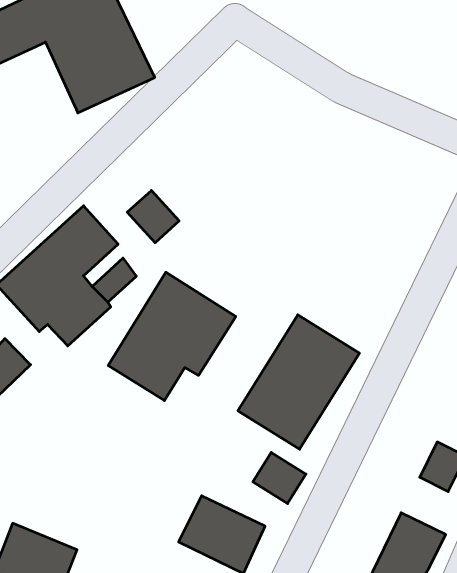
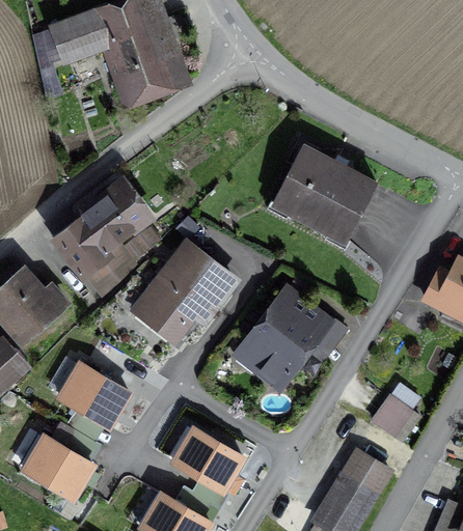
building: none -> [270,147,373,247]
building: [127,190,179,243] -> none
building: none -> [61,359,132,422]
building: [253,452,306,504] -> none

